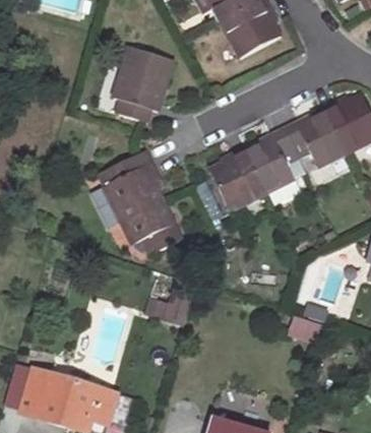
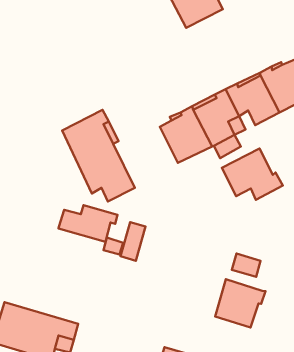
building: [116,44,176,120] -> none
building: none -> [222,149,283,200]
building: none -> [58,205,118,242]
building: none -> [215,279,266,327]

